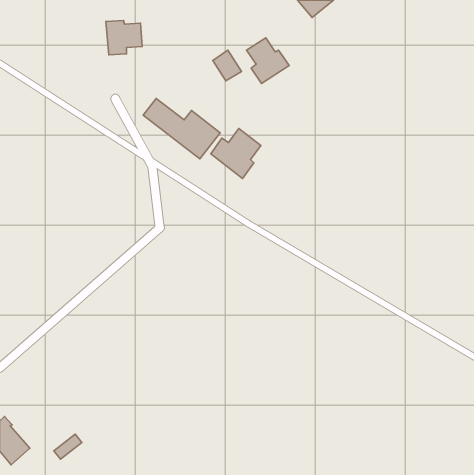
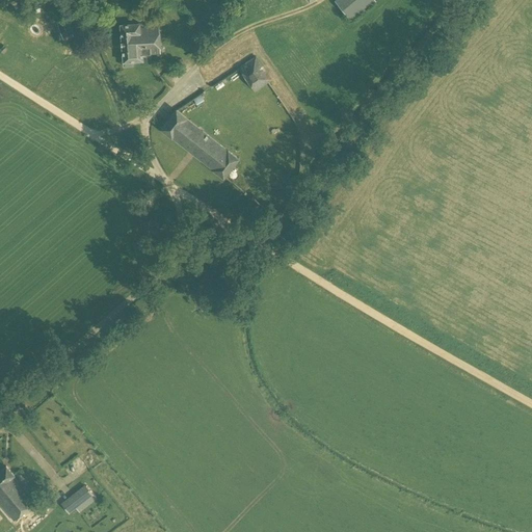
building: [247,38,289,84] -> none
building: [211,129,261,178] -> none

